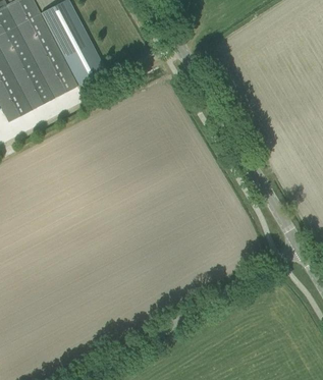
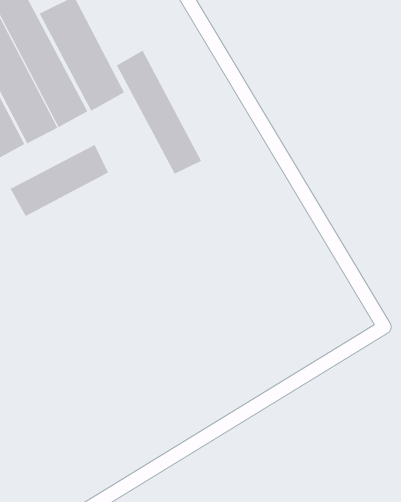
building: none -> [116,50,202,174]
building: none -> [10,144,109,217]

